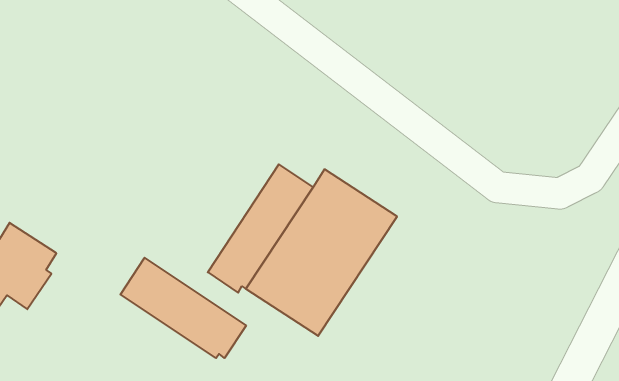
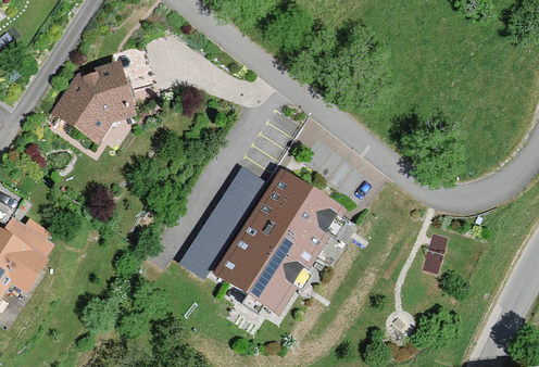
building: none -> [52,60,137,140]
building: [120,258,246,358] -> none

